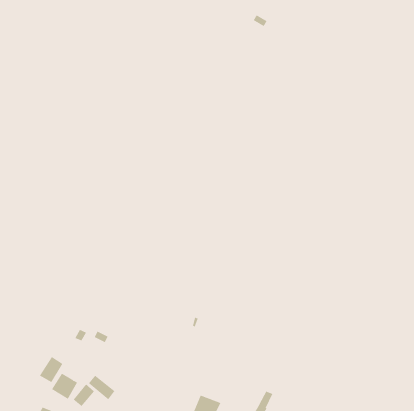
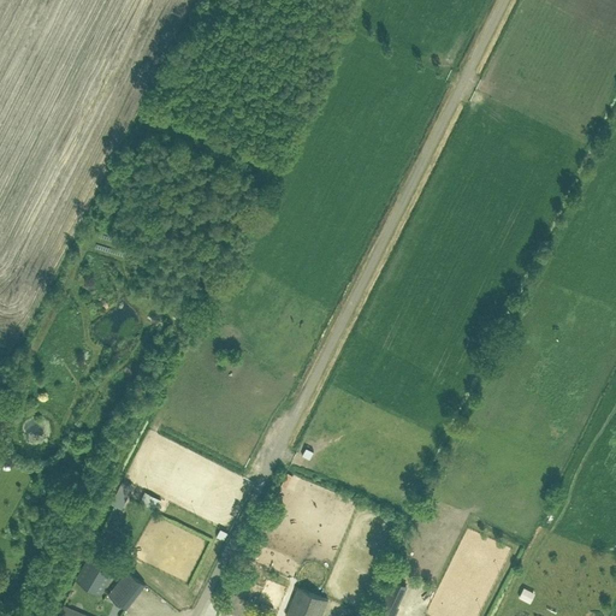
building: [39,356,63,383] -> none
building: [88,375,115,400] -> none

